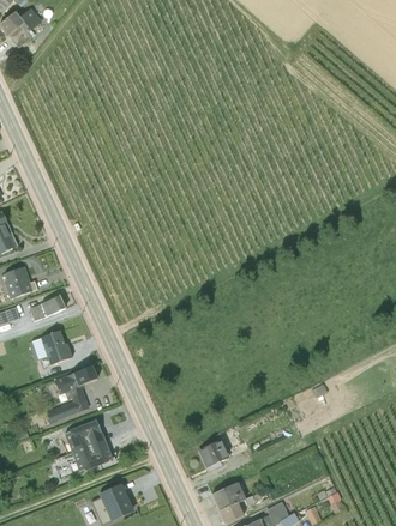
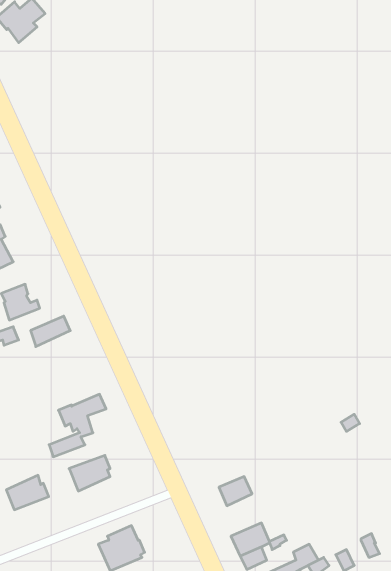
building: [41,331,73,365] -> none
building: [73,440,112,471] -> [6,475,49,510]

